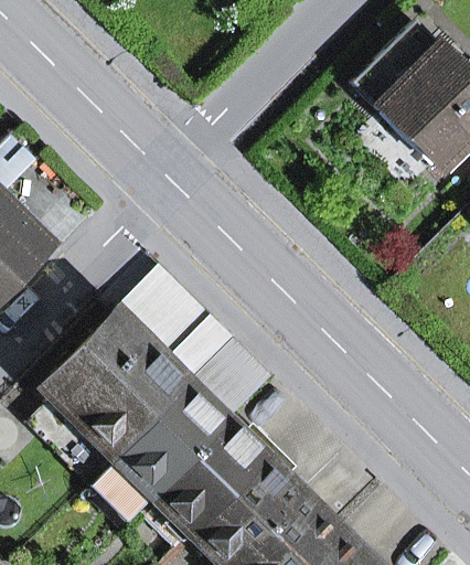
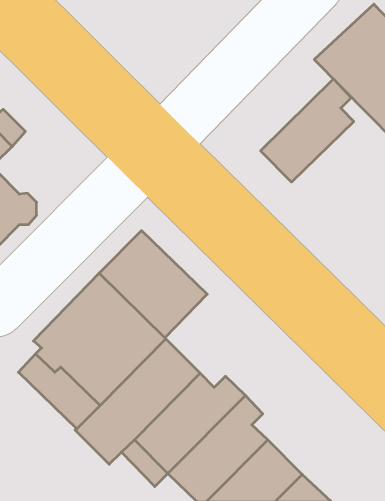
building: none -> [261,79,354,182]

